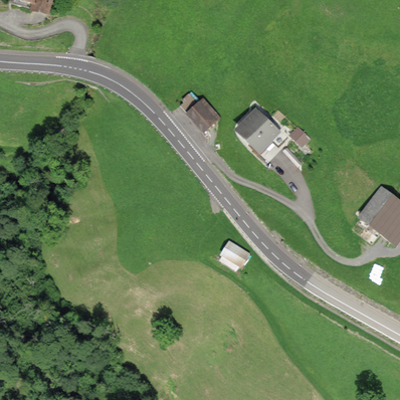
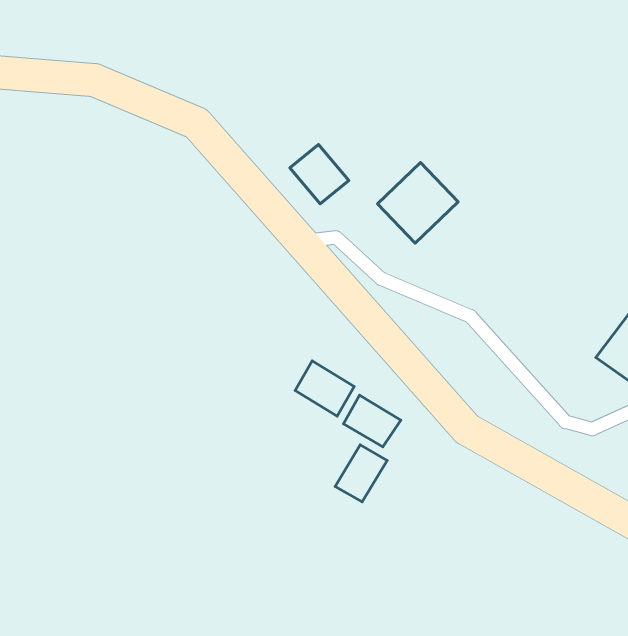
building: none -> [295,361,354,416]
building: none -> [335,445,387,502]

